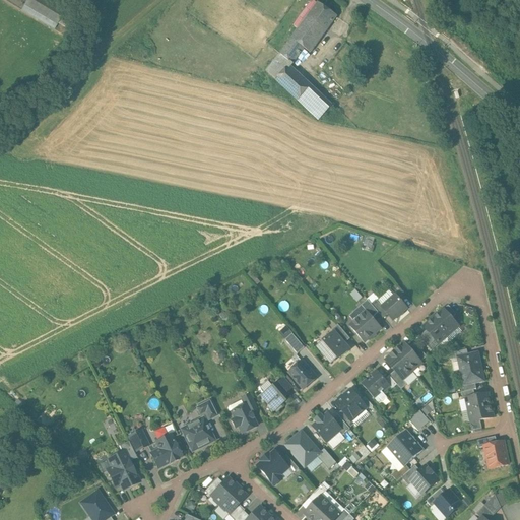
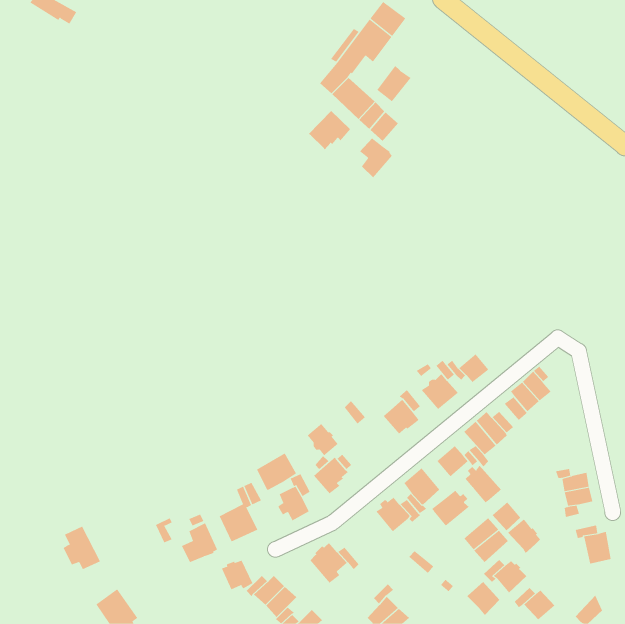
building: none -> [377,65,411,102]
building: none -> [308,110,351,150]
building: none -> [359,137,393,178]
building: [458,351,483,384] -> none
building: [289,360,316,387] -> [307,423,339,456]
building: none -> [256,453,297,491]
building: none -> [465,465,502,503]
building: none -> [431,490,470,527]
building: none -> [507,519,541,554]
building: [285,431,320,465] -> none
building: [108,452,139,489] -> [63,526,101,570]
building: none -> [221,560,253,590]
building: none -> [467,581,500,616]

